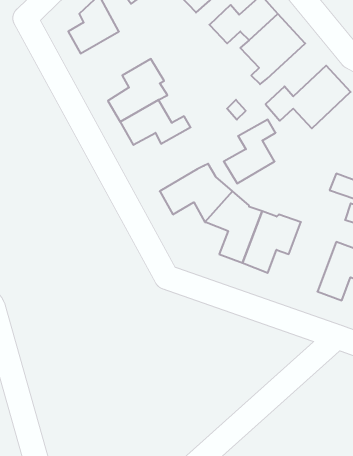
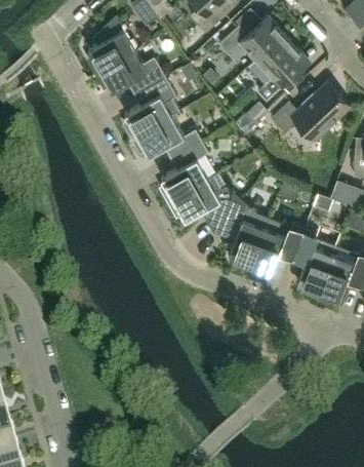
building: none -> [99,50,165,92]
building: [224,120,276,183] -> [161,140,209,199]
building: none -> [293,228,337,293]

